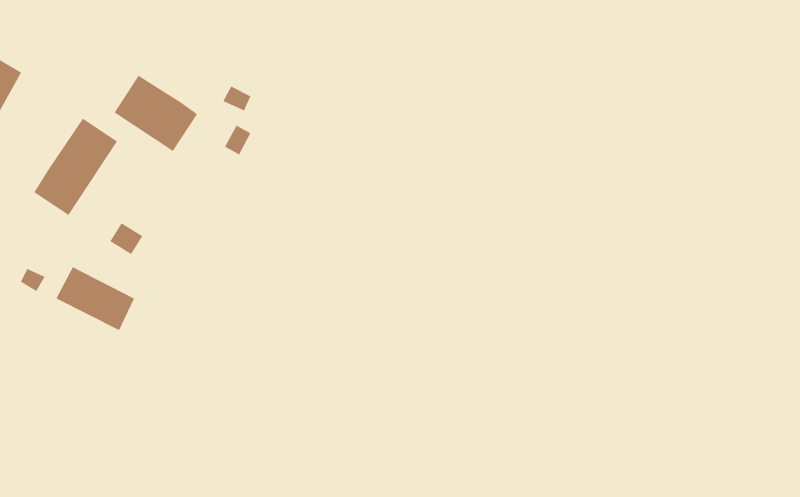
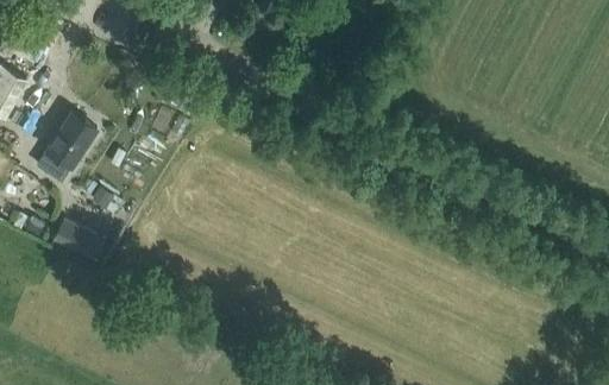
building: [114,75,198,152] -> none

